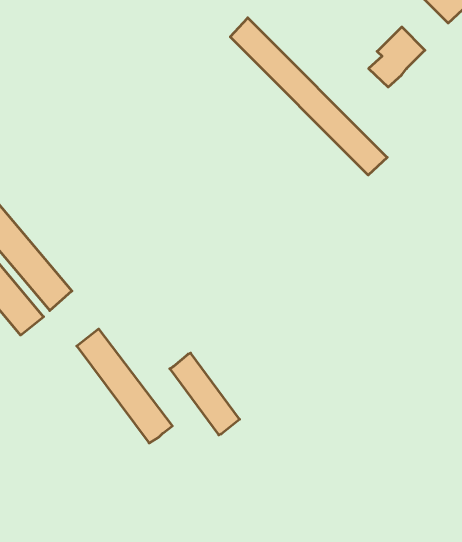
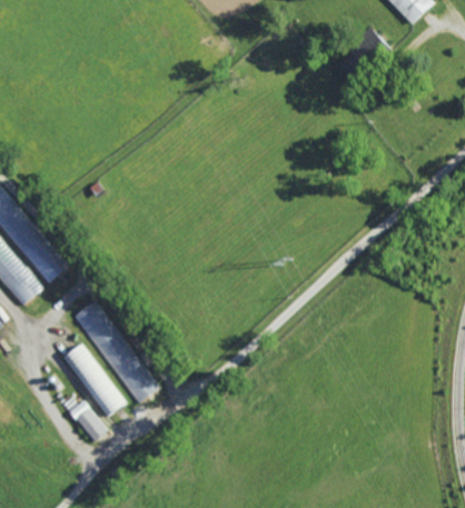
building: [230,18,387,175] -> none
building: [170,353,240,435] -> [62,342,126,417]
building: none -> [69,400,108,441]

